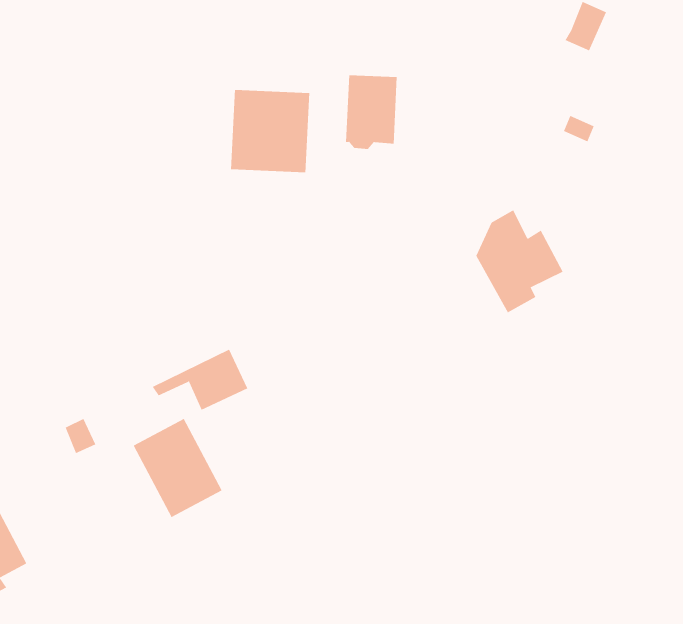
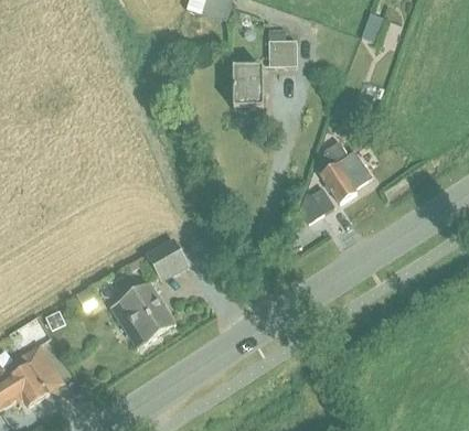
building: none -> [268,40,296,65]
building: [231,89,310,173] -> none
building: none -> [299,186,334,222]

